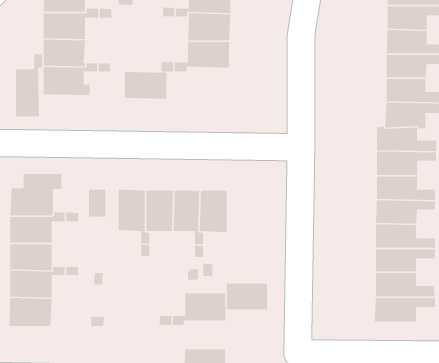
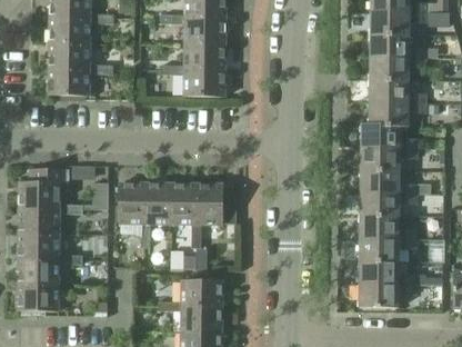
building: [15,54,43,117] -> none
building: [124,71,167,100] -> [184,69,224,96]
building: [226,283,268,310] -> [182,306,221,331]

